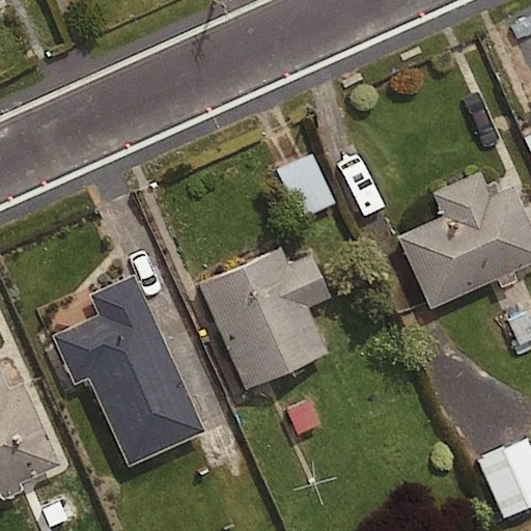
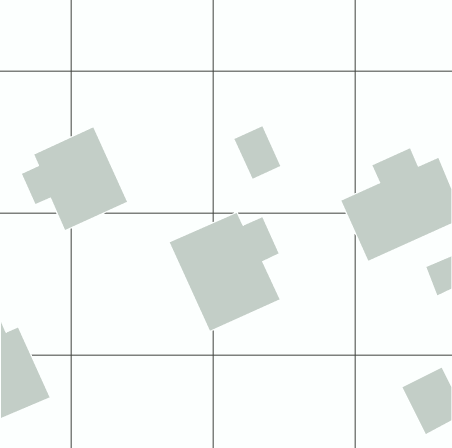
building: none -> [21,126,128,231]
building: [53,277,203,466] -> none

